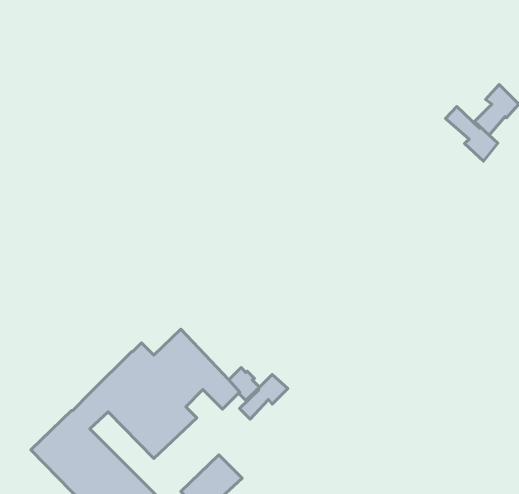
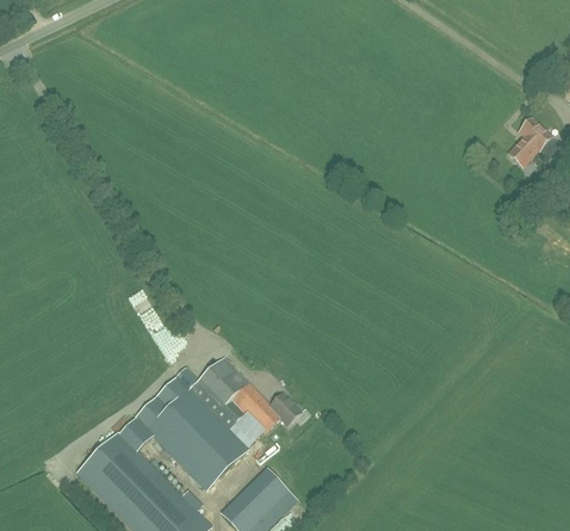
building: [446,106,498,161] -> none
building: [239,375,288,419] -> none

